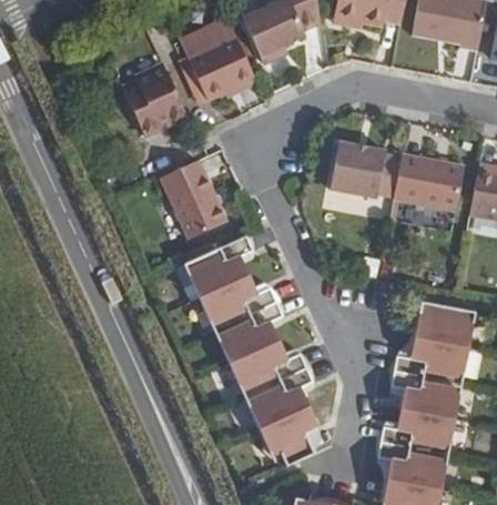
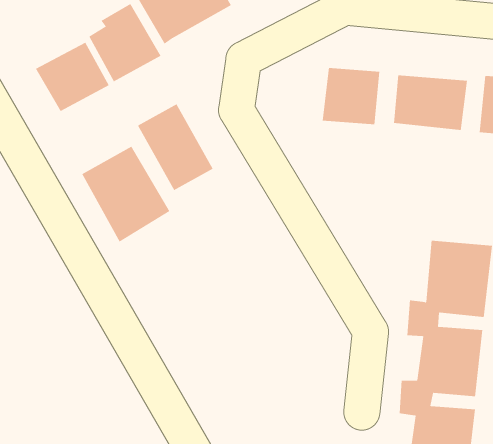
building: none -> [35,42,110,112]
building: none -> [82,146,170,243]
building: [186,236,317,466] -> none

